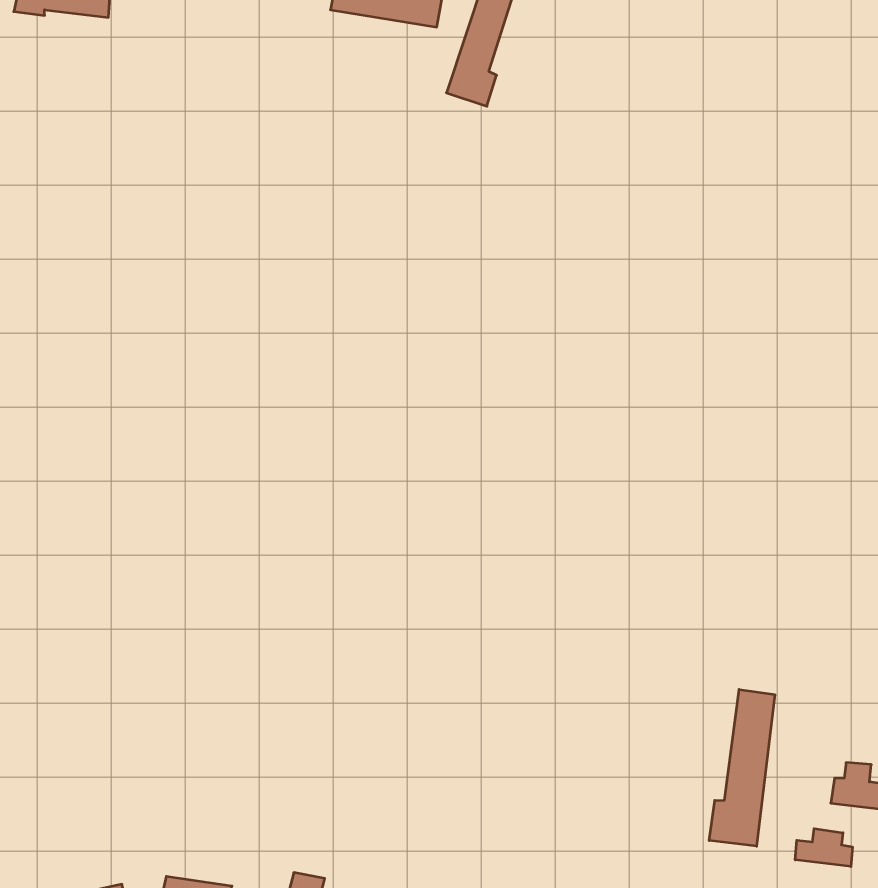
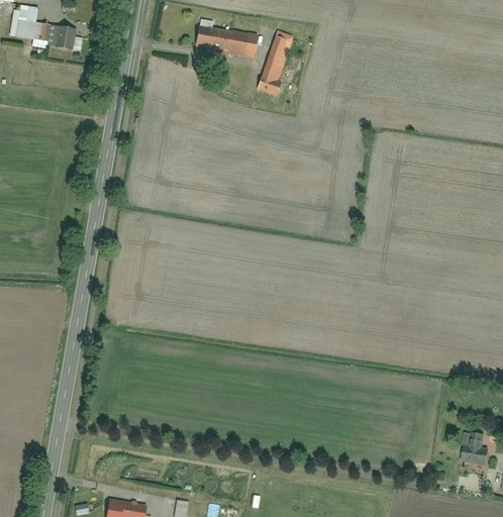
building: [709,689,775,846] -> none
building: [795,829,852,867] -> none

